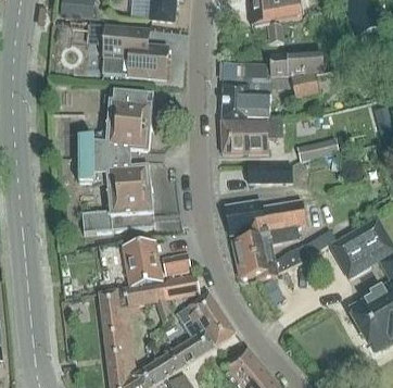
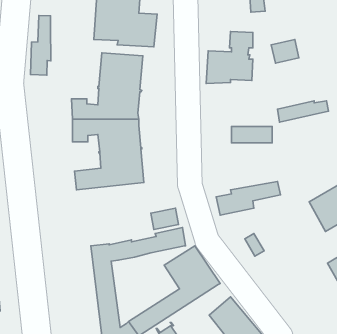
building: none -> [30,15,51,75]
building: [269,50,322,76] -> none
building: [220,118,282,152] -> none
building: [226,200,305,235] -> none
building: [236,228,334,279] -> none
building: [123,239,162,286] -> none

